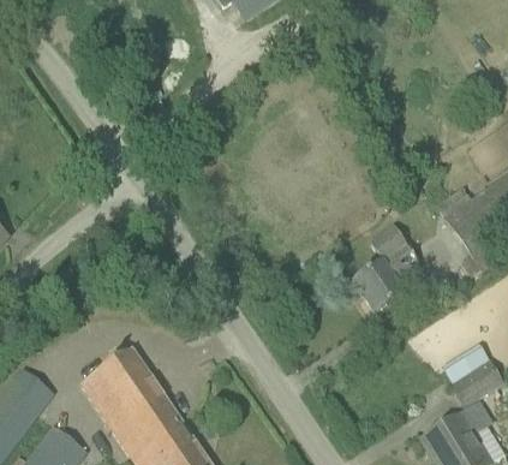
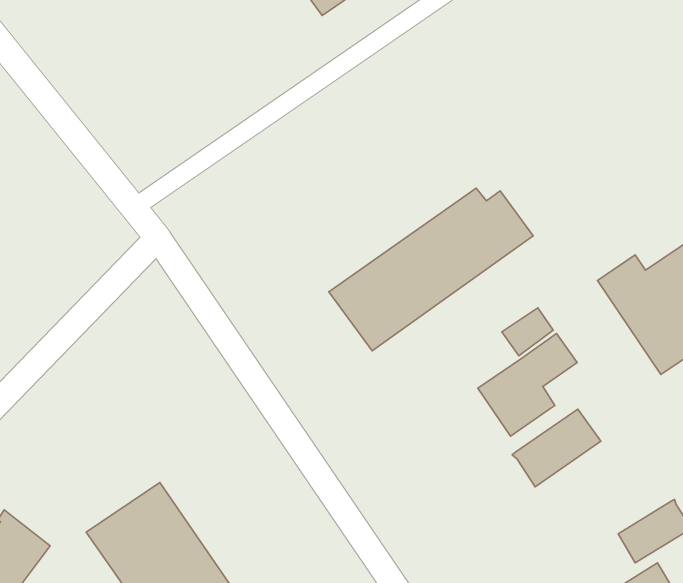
building: none -> [329,188,533,351]
building: none -> [512,409,601,487]

